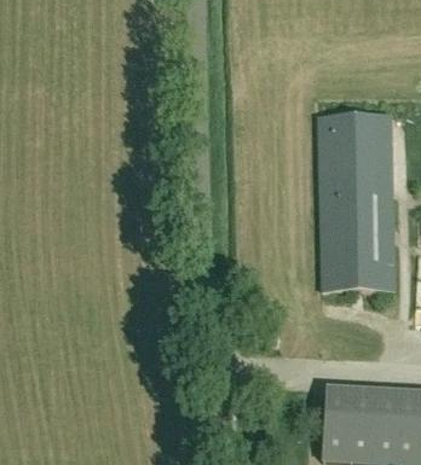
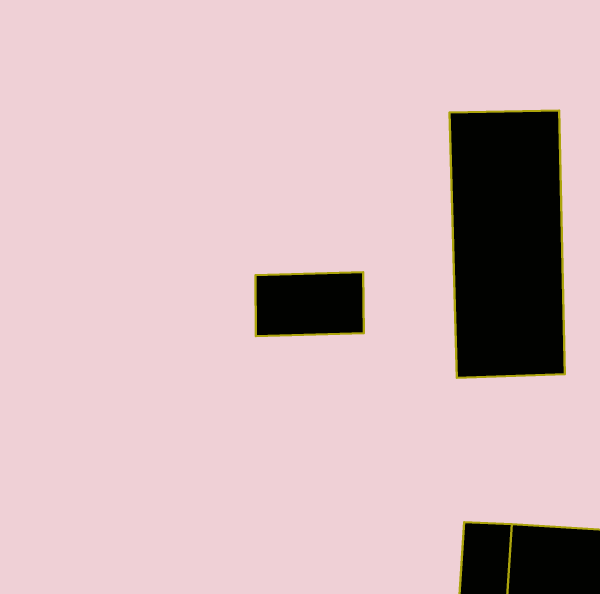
building: none -> [255,272,364,336]

